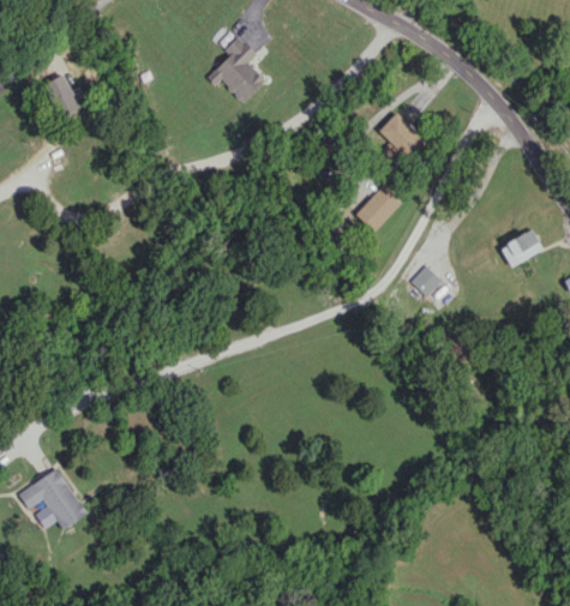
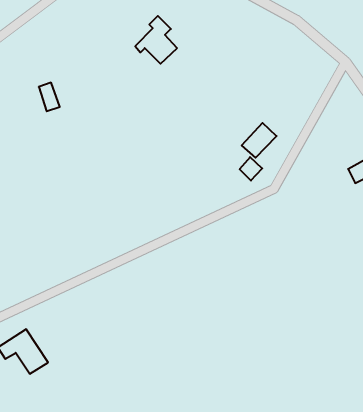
building: [49,74,78,114] -> [39,83,60,111]
building: [378,112,424,158] -> none
building: [410,265,442,298] -> [240,157,262,181]

